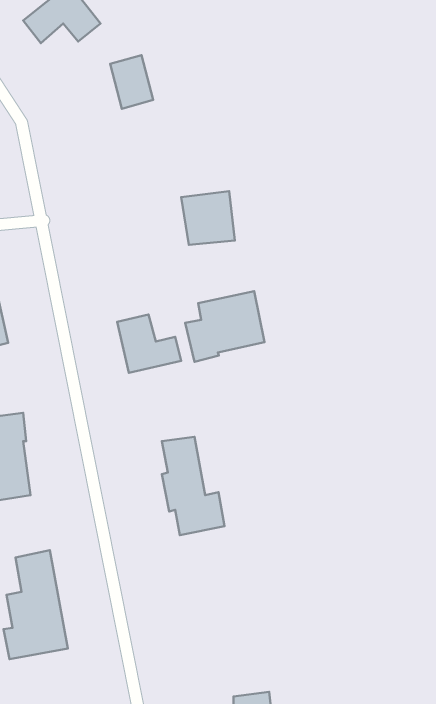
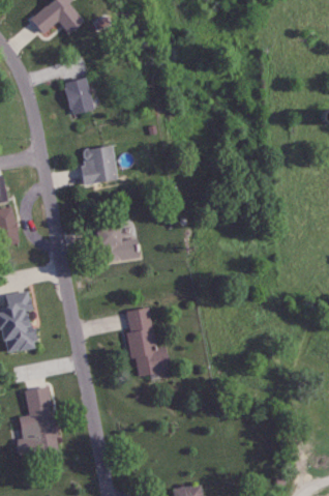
building: [110,55,153,109] -> [63,78,93,115]
building: [181,191,235,245] -> [80,146,117,183]
building: [185,291,265,362] -> none

